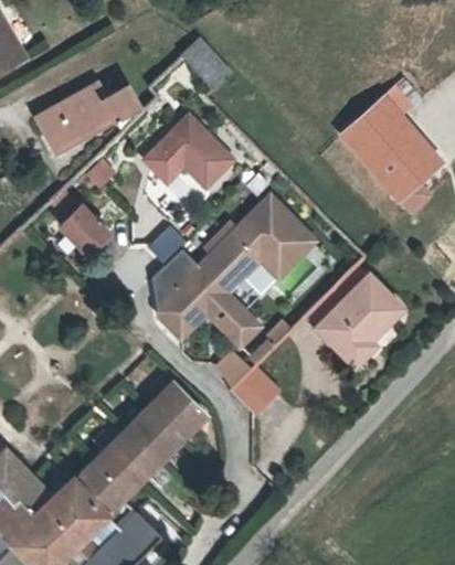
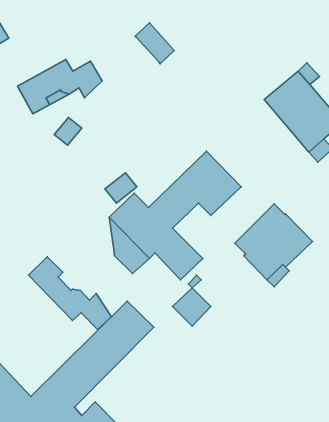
building: [142,114,237,192] -> none
building: [65,200,114,246] -> none
building: none -> [29,257,111,330]

